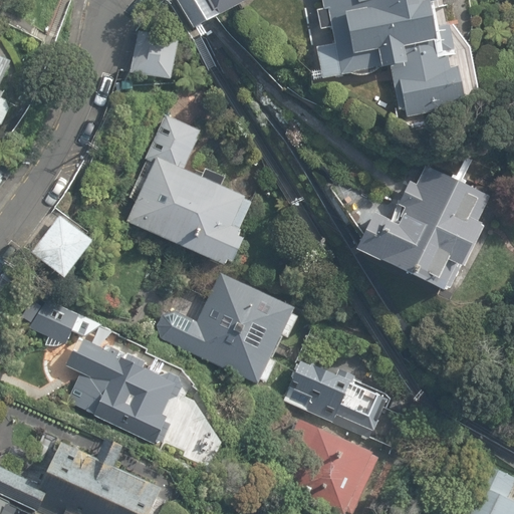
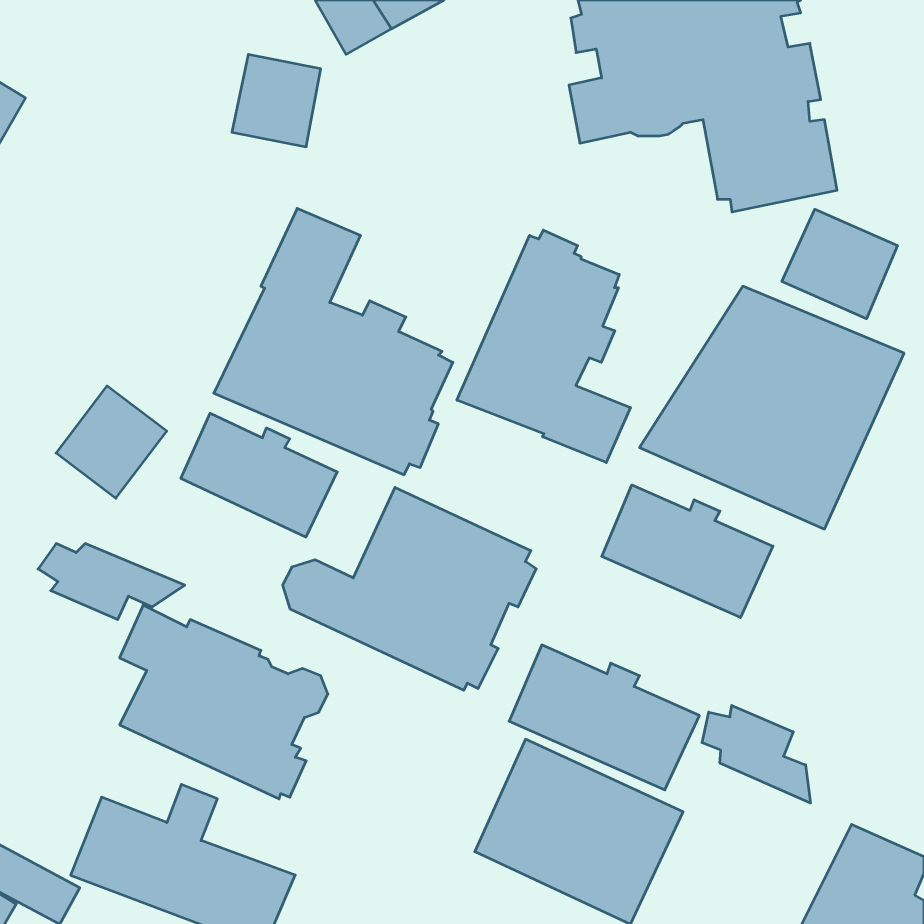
building: none -> [782,209,897,319]
building: none -> [457,230,631,463]
building: none -> [181,413,337,537]
building: none -> [602,485,773,618]
building: none -> [702,705,810,803]

